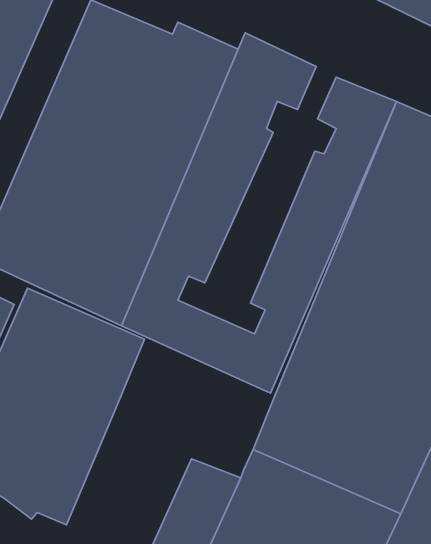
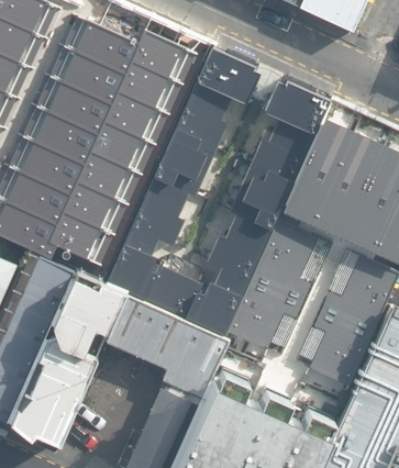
building: none -> [101,292,228,399]

